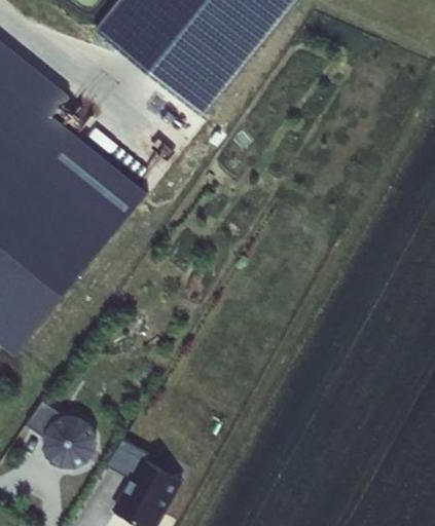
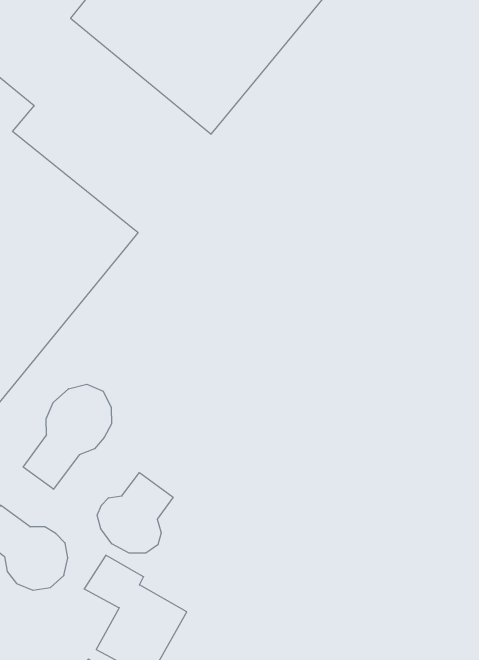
building: none -> [23,384,112,489]
building: none -> [97,473,173,553]

